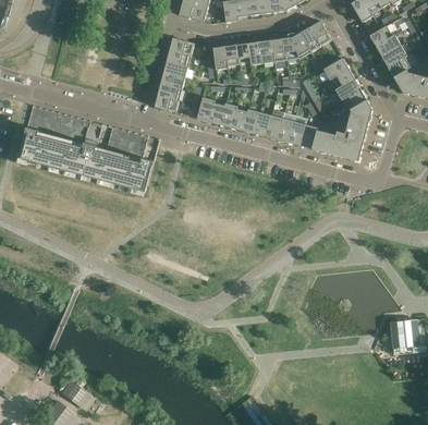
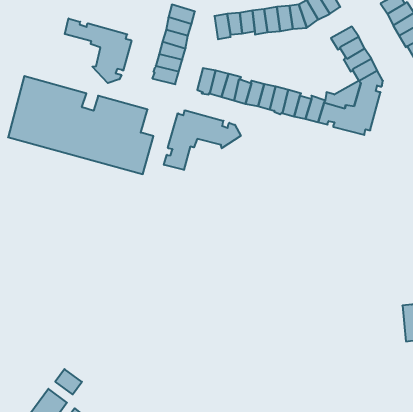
building: none -> [65,18,131,83]
building: none -> [164,110,241,170]

